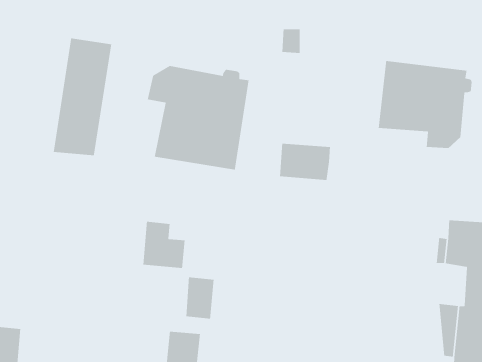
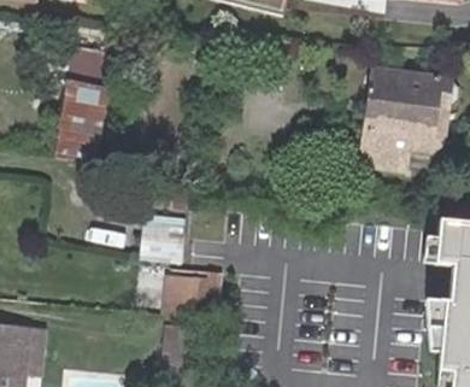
building: [147,65,249,171] -> none
building: [279,143,331,181] -> [362,135,411,171]

